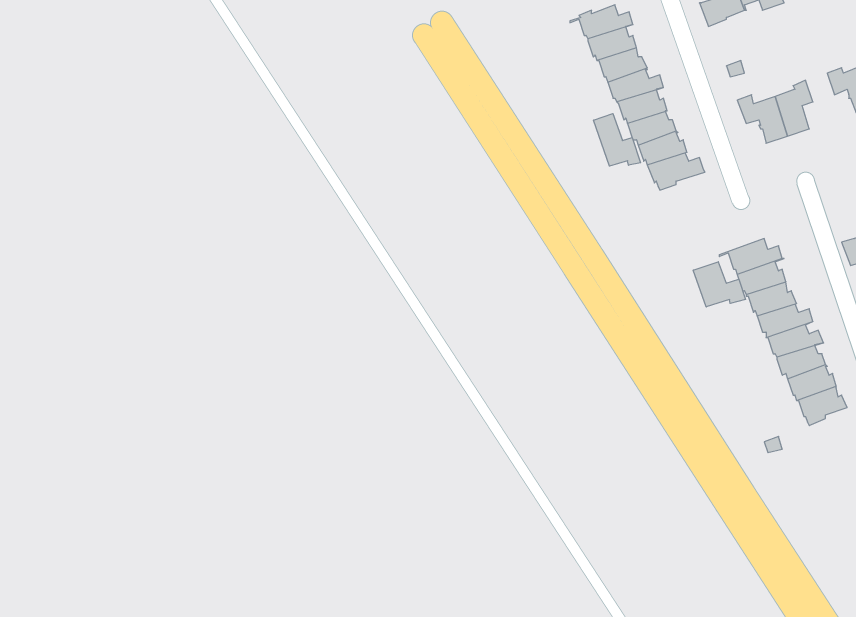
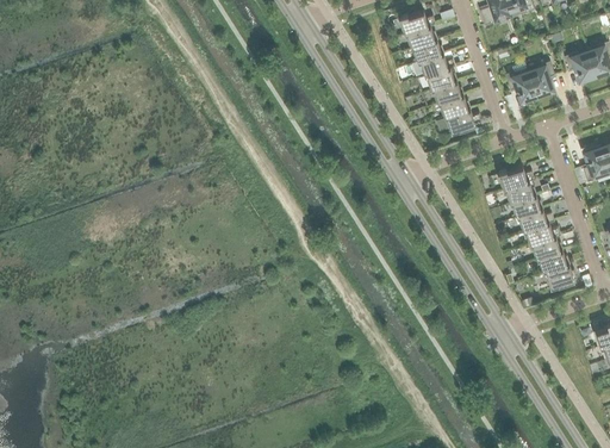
building: [594,114,641,166] -> none
building: [693,262,746,307] -> none

